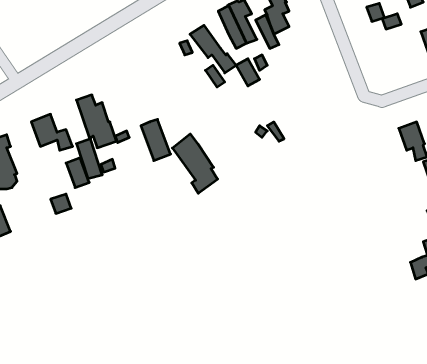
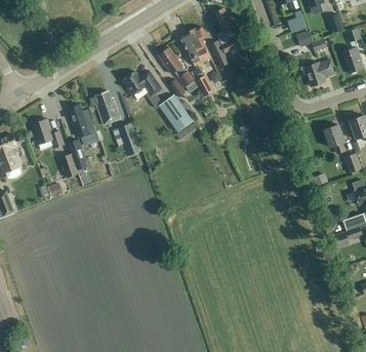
building: none -> [304,58,335,86]
building: none -> [123,70,162,95]
building: none -> [90,90,121,124]
building: [172,134,218,193] -> [160,93,196,141]

